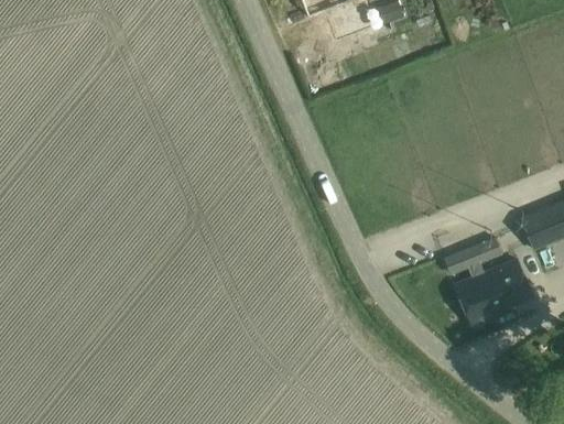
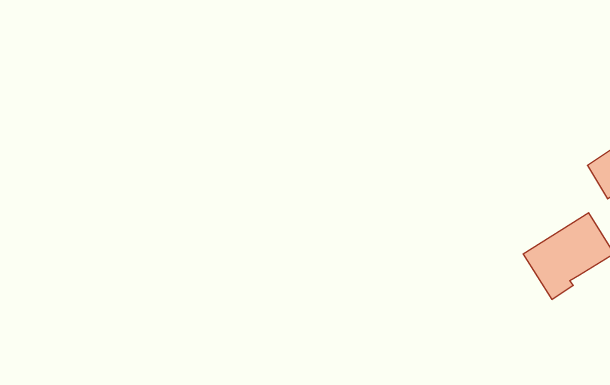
building: [462,239,501,268] -> none

